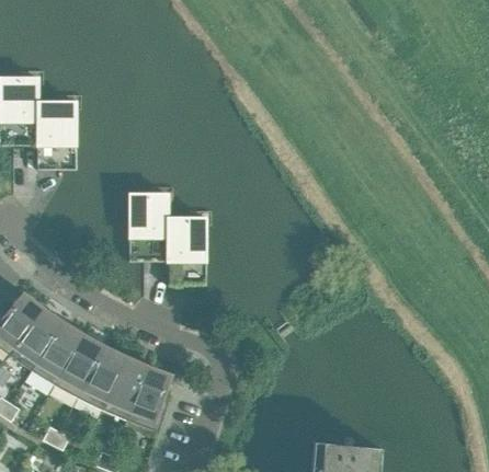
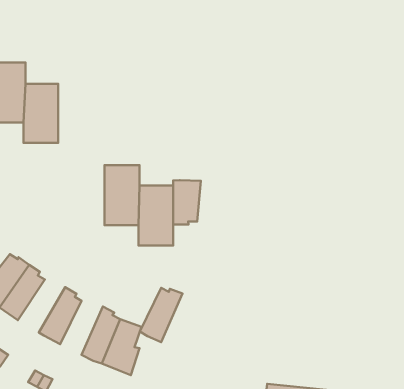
building: none -> [173,180,201,225]
building: [30,323,83,383] -> none
building: [78,347,126,408] -> [140,288,182,342]

